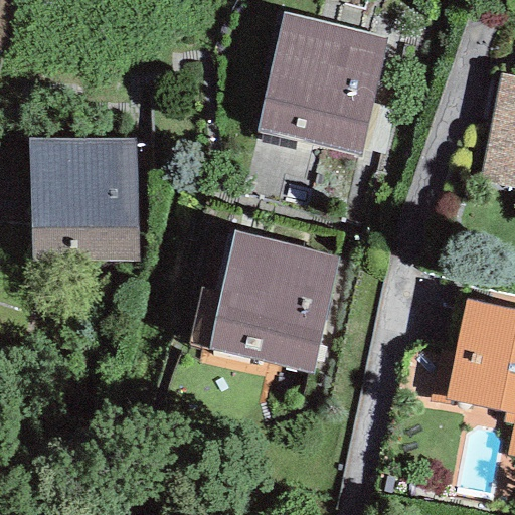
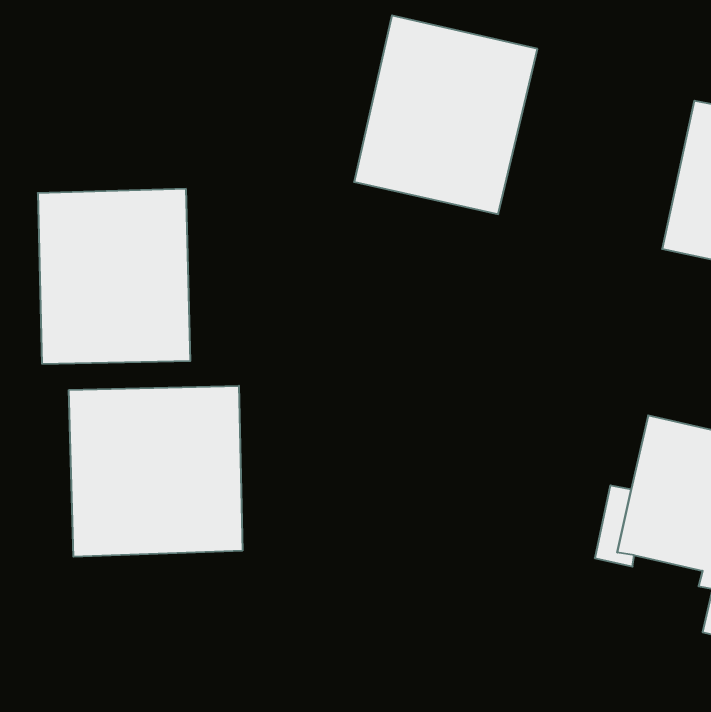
building: [190,230,341,372] -> none
building: none -> [69,386,242,557]

